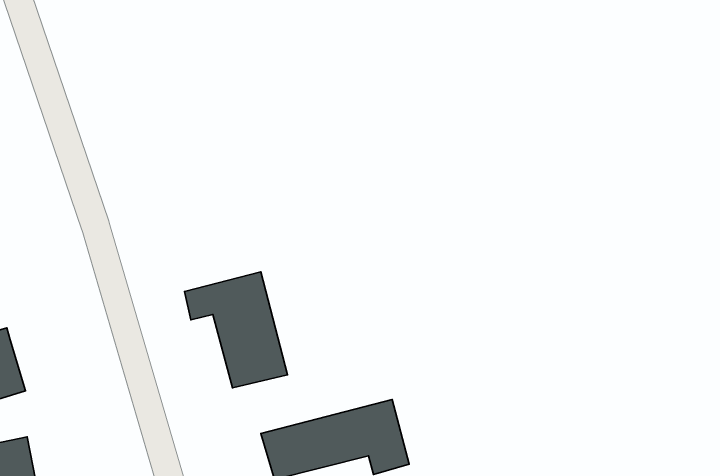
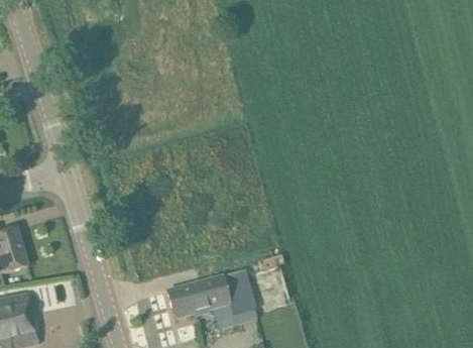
building: [184,272,287,388] -> none

